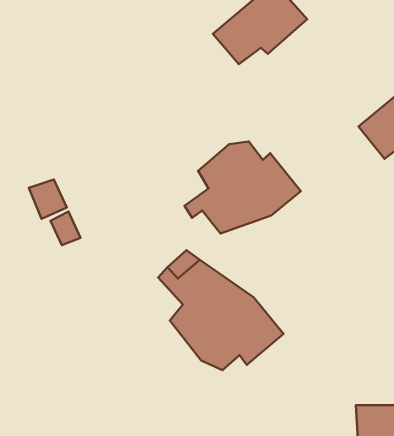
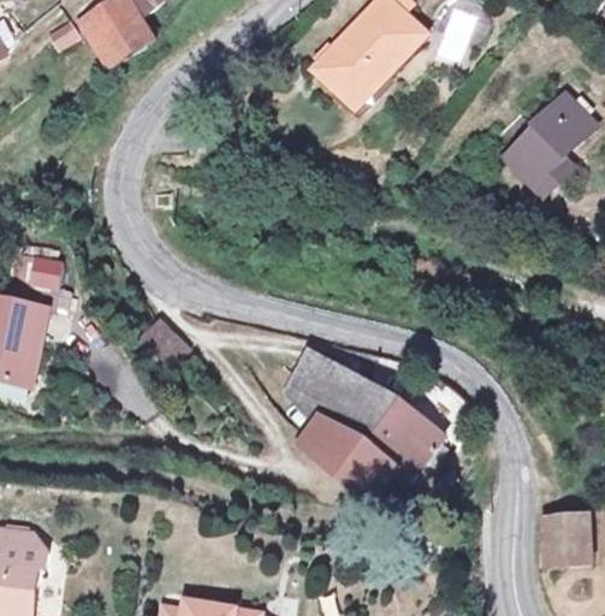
building: [185,141,301,233] -> none
building: [29,179,67,219] -> none

